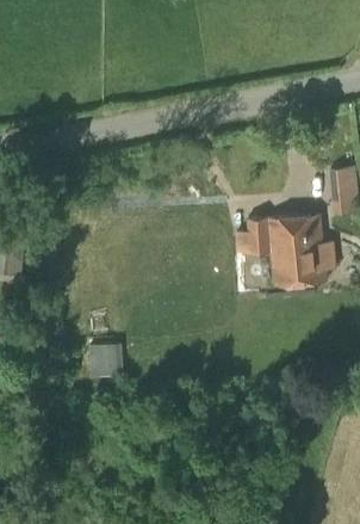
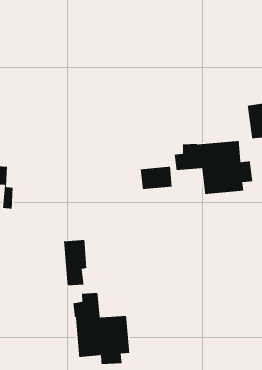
building: none -> [140,166,173,190]
building: none -> [72,292,130,365]

